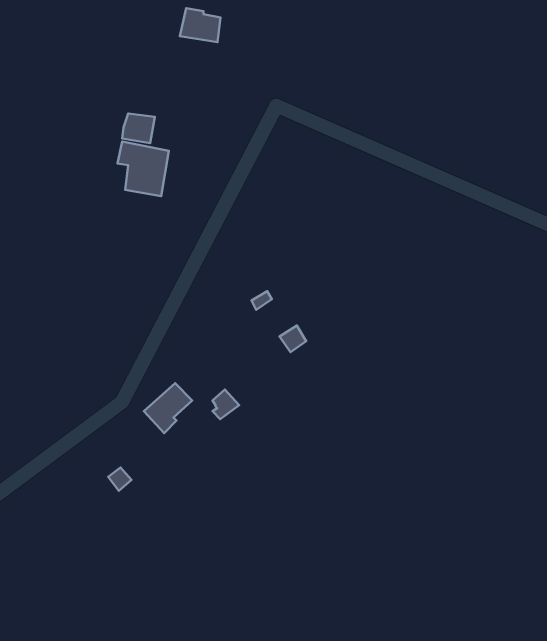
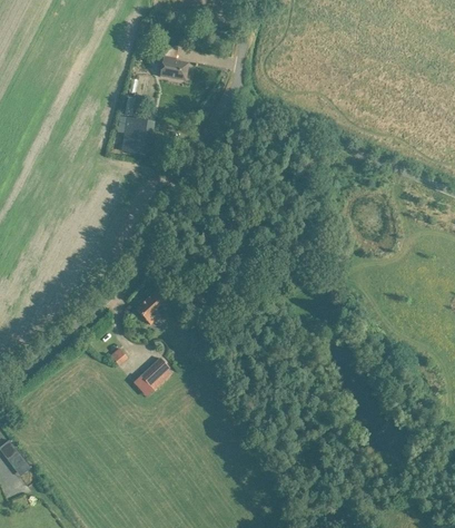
building: [180,8,221,42] -> [158,56,187,80]
building: none -> [140,358,170,390]

